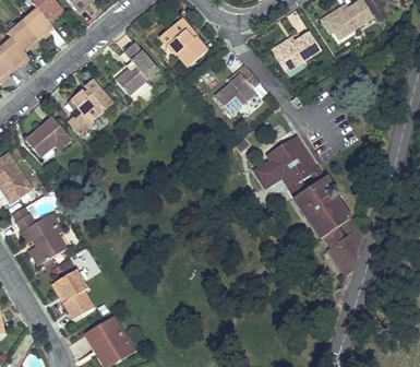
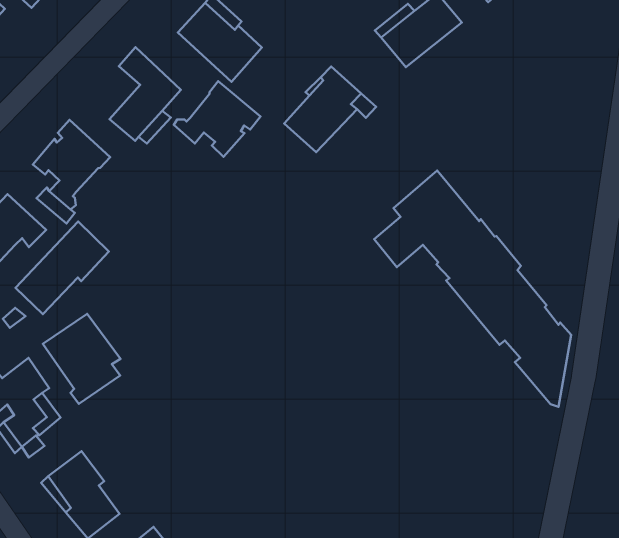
building: none -> [174,81,261,157]
building: none -> [15,221,109,314]
building: none -> [43,314,120,404]

